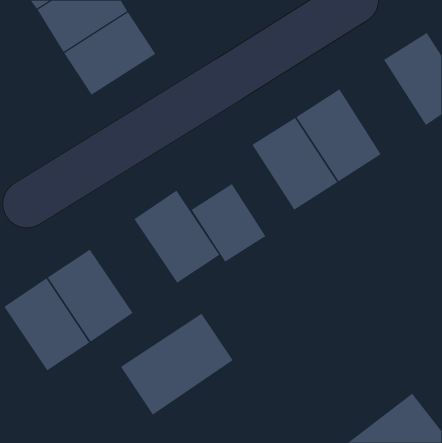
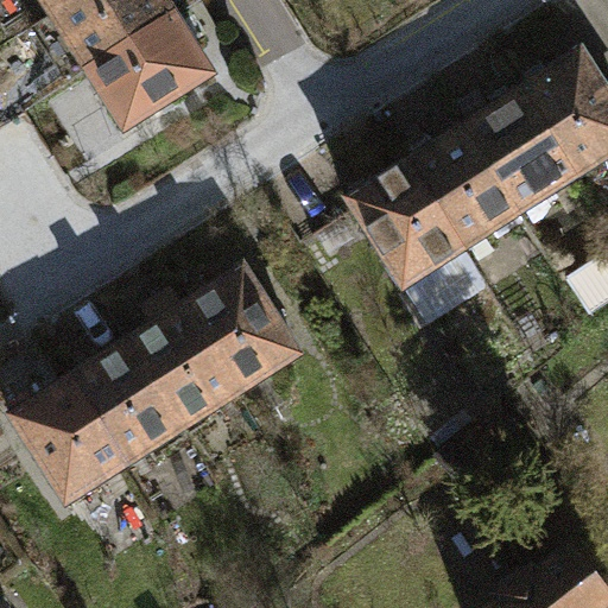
building: none -> [466,82,583,211]
building: [191,183,266,263] -> none
building: none -> [124,300,242,429]
building: [120,313,234,416] -> none

